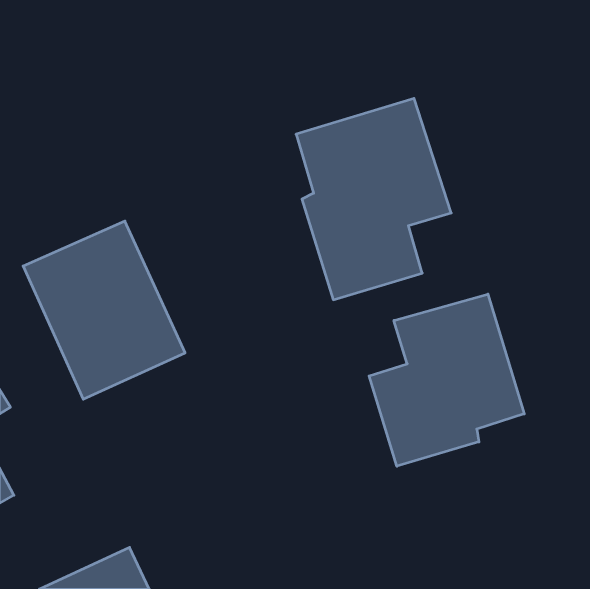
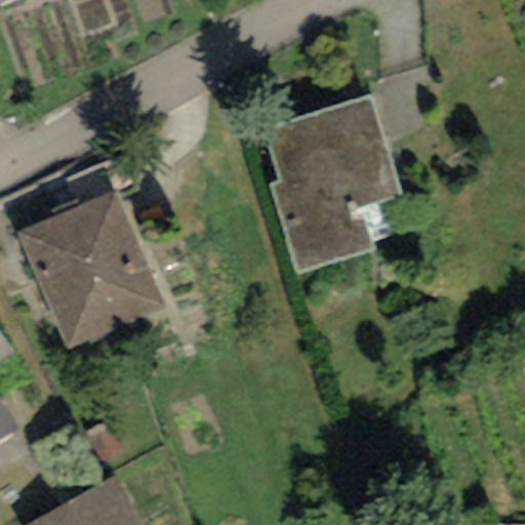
building: [369,294,524,466] -> none

